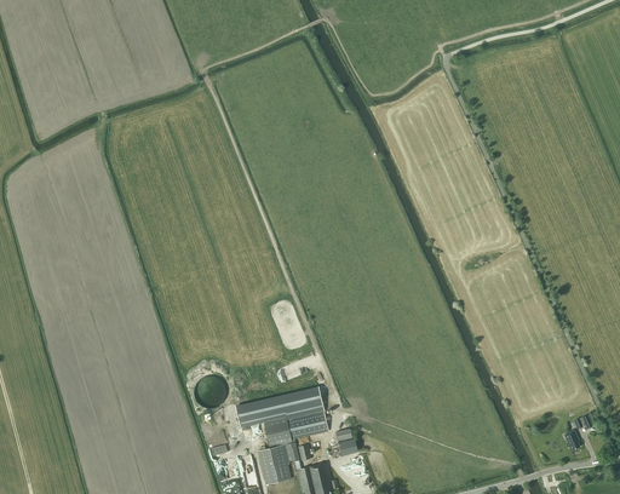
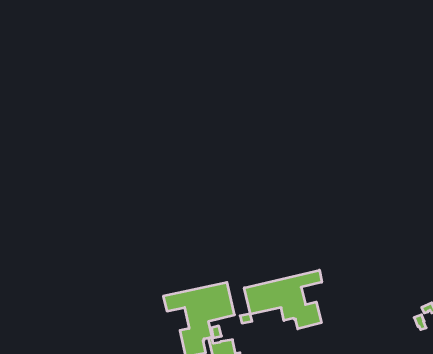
building: none -> [244,270,322,329]

